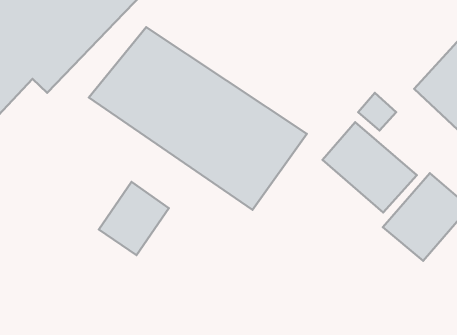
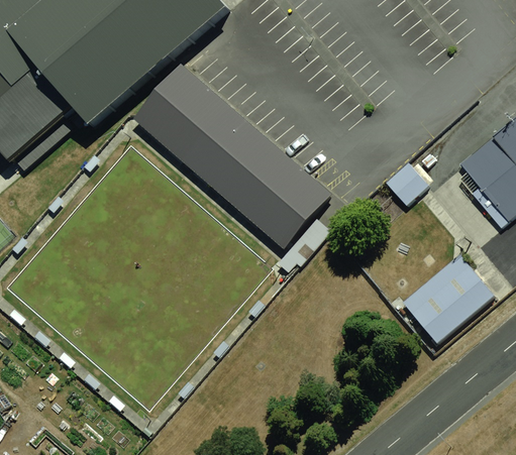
building: [323,122,417,213] -> none
building: [99,182,169,255] -> none

